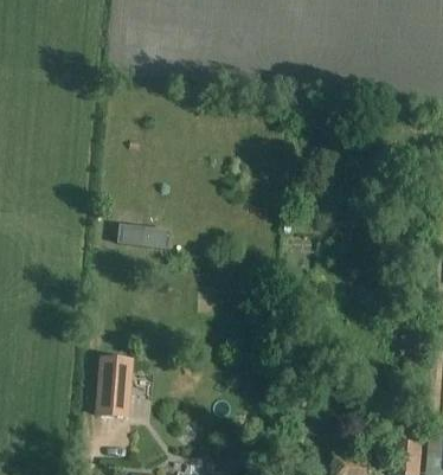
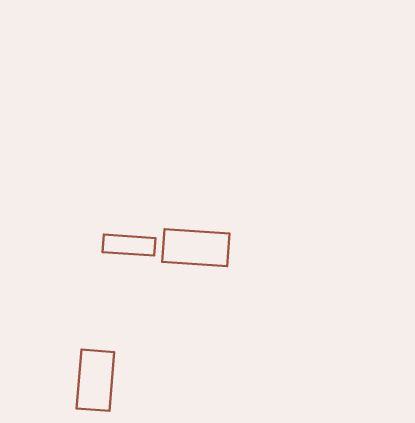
building: none -> [162,229,230,266]

